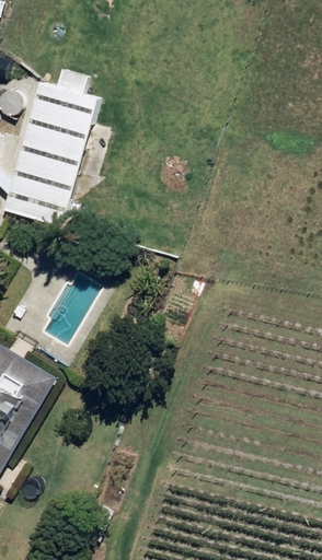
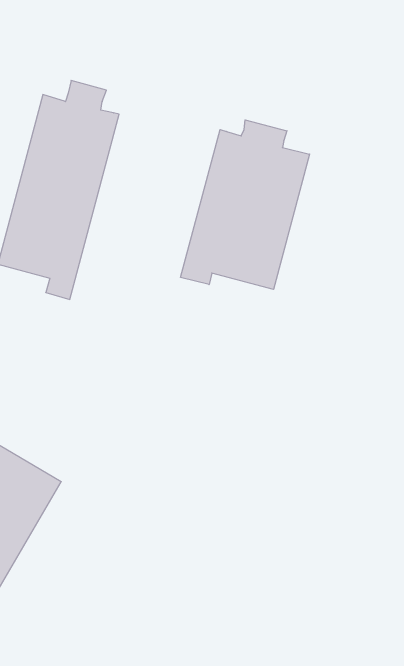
building: none -> [181,120,310,289]

